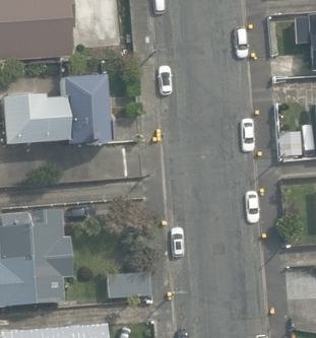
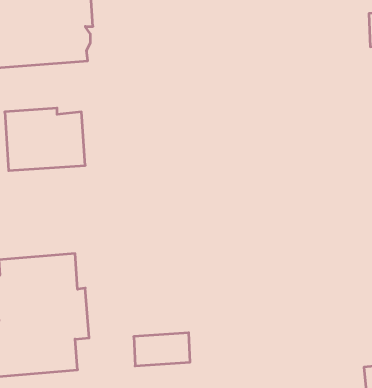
building: [67,73,115,143] -> none

